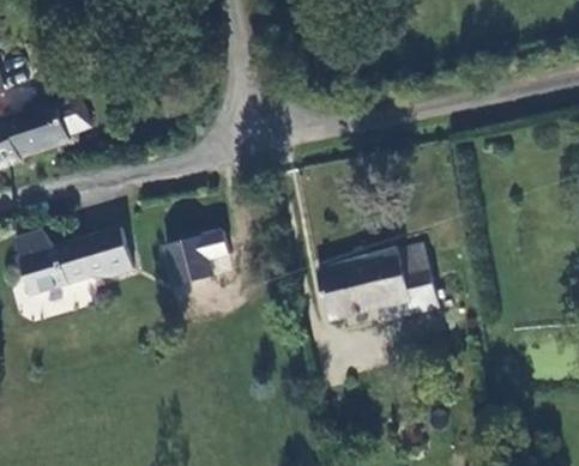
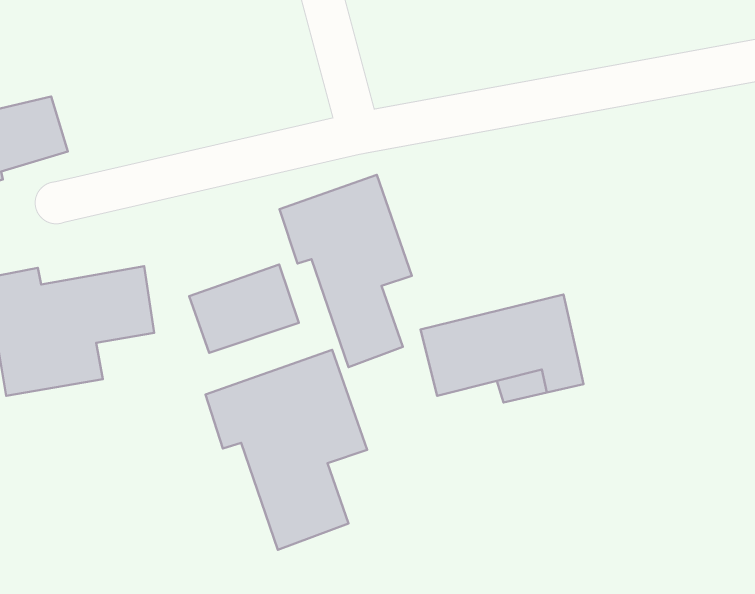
building: none -> [279,175,412,367]
building: none -> [205,350,367,550]

